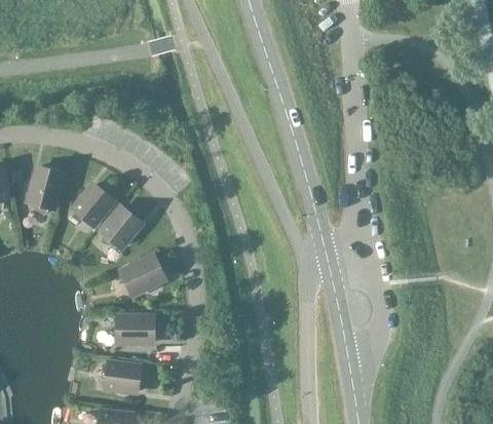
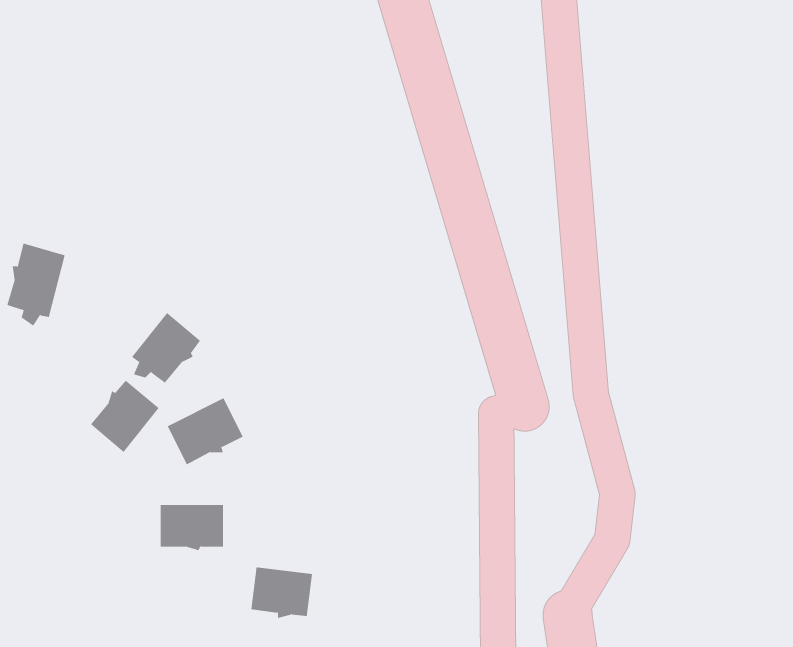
building: [73,184,113,226] -> [90,380,159,453]
building: [104,362,140,392] -> [250,567,313,618]

